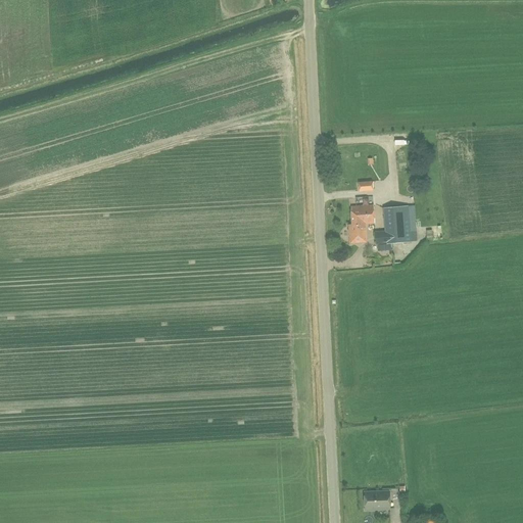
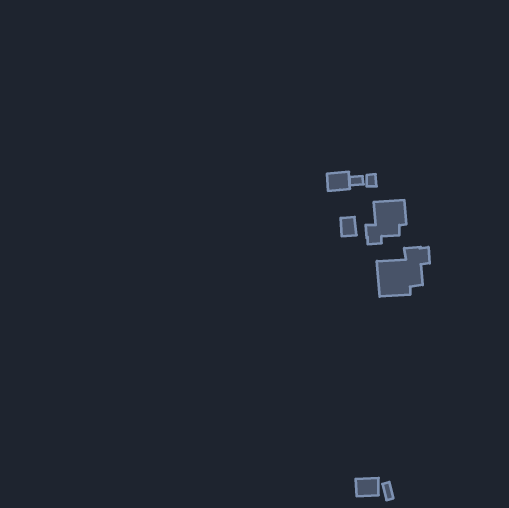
building: [350,204,374,224] -> [327,172,350,191]
building: none -> [377,247,430,297]

